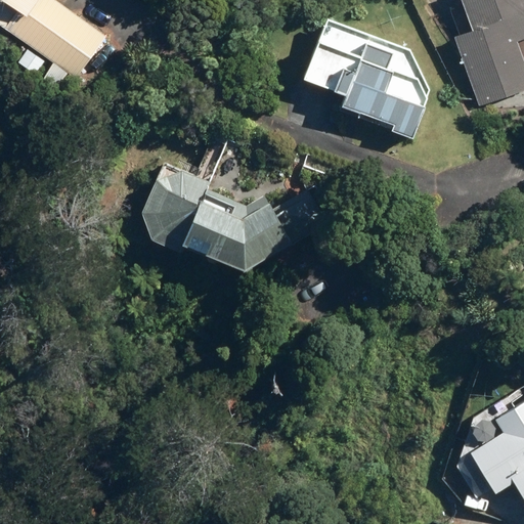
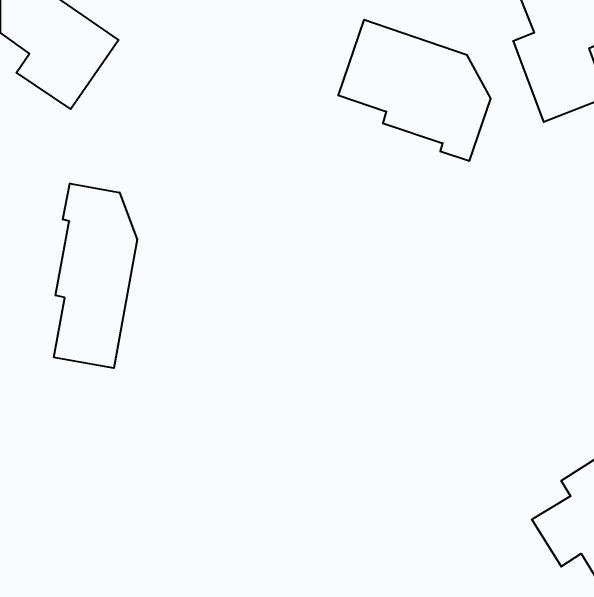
building: none -> [54,183,137,368]
building: [142,161,332,274] -> none

